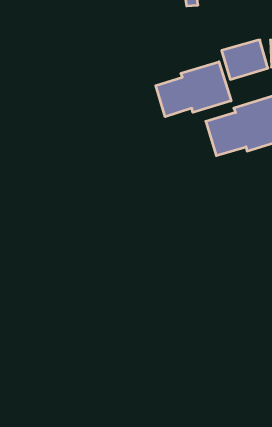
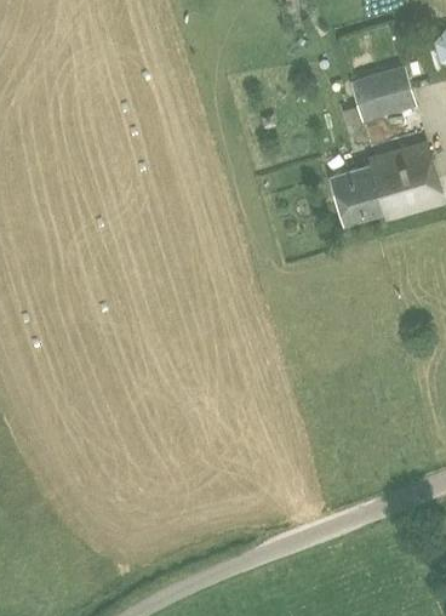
building: [156,62,231,117] -> none

